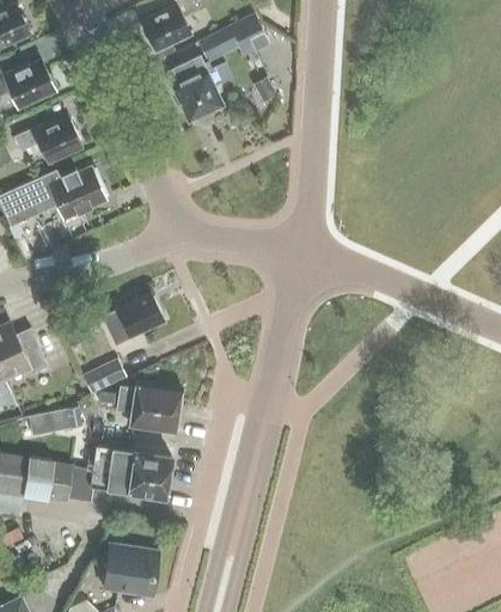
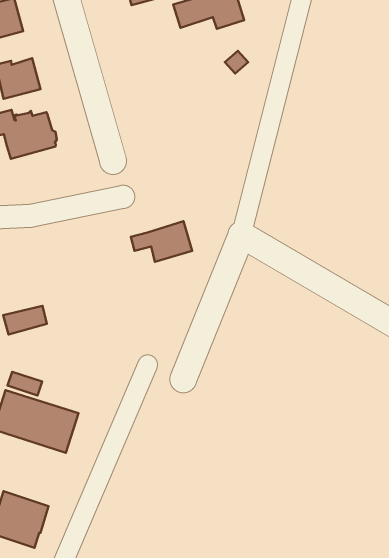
building: [170,55,221,120] -> none
building: [102,293,164,337] -> [131,221,192,262]
building: [116,381,182,433] -> none

